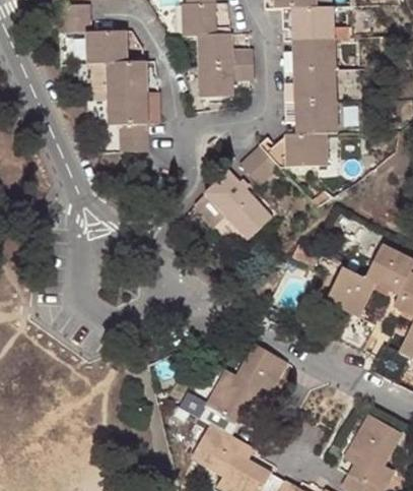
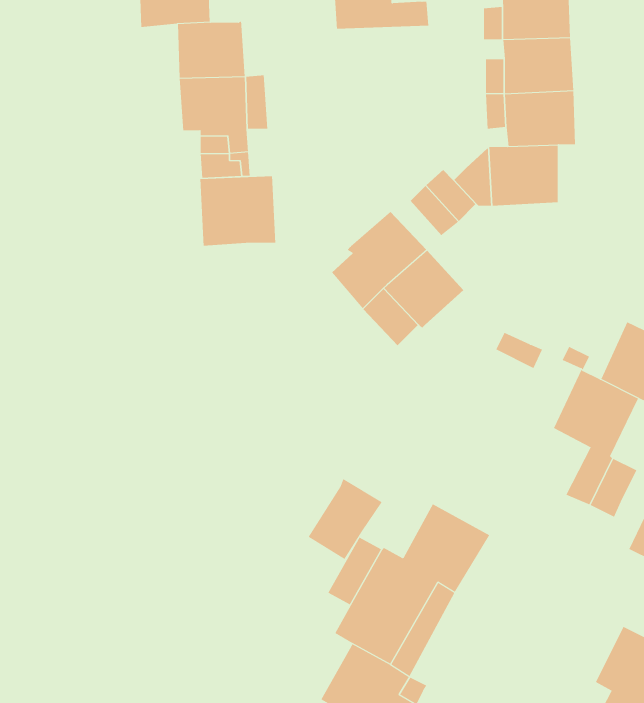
building: [200,64,255,99] -> none
building: none -> [200,175,276,246]
building: none -> [308,478,383,560]

